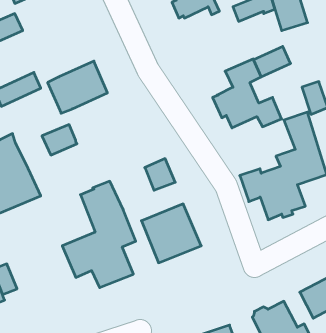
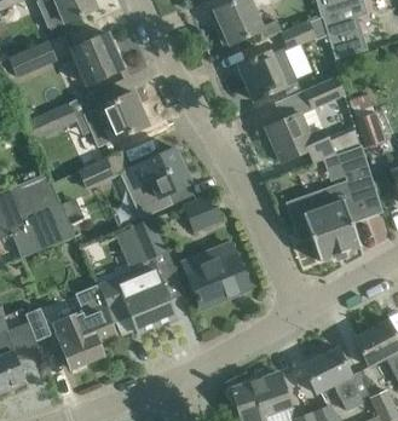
building: none -> [70,33,122,83]
building: none -> [238,48,298,100]
building: none -> [126,148,191,215]
building: none -> [53,286,115,370]

